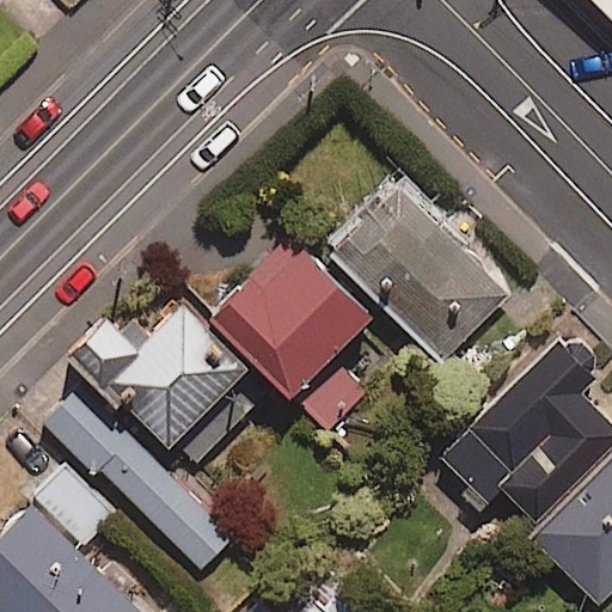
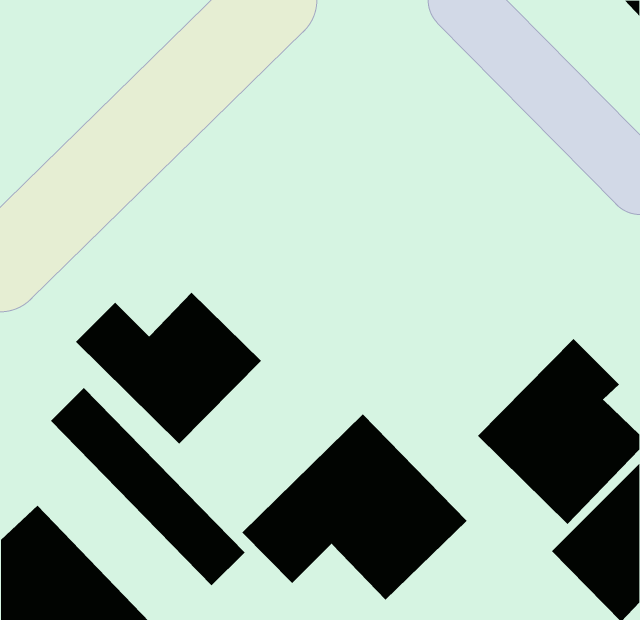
building: [335,186,510,365] -> none
building: [218,228,375,386] -> none
building: none -> [241,414,467,600]

